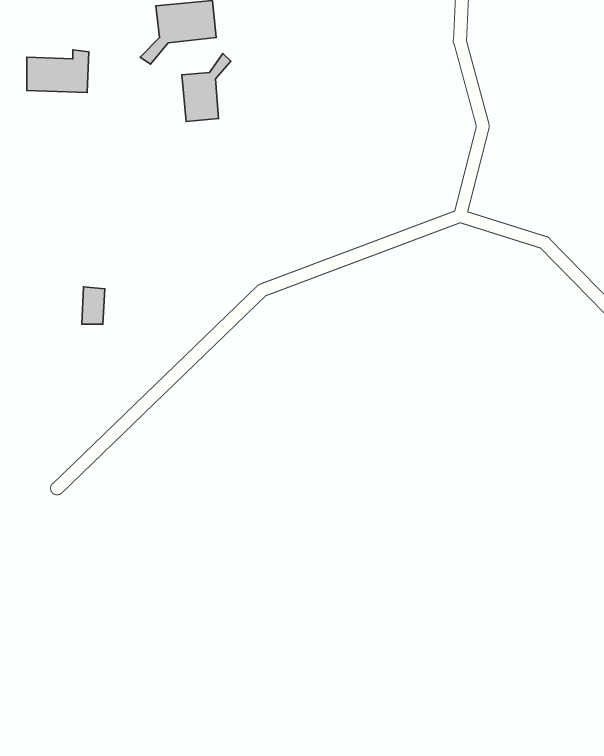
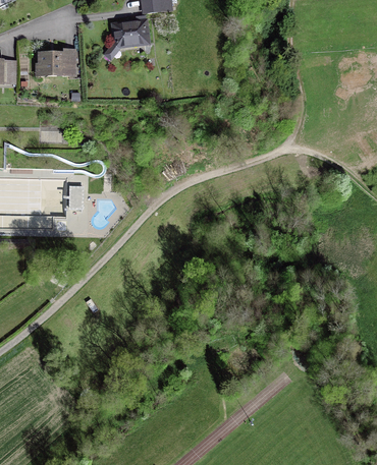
building: [182,54,231,122] -> none

